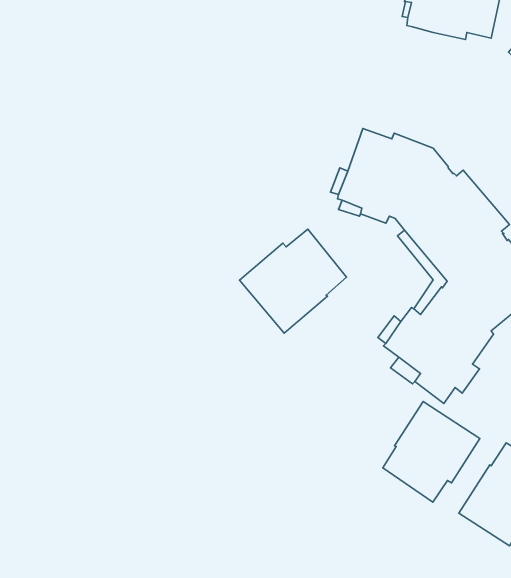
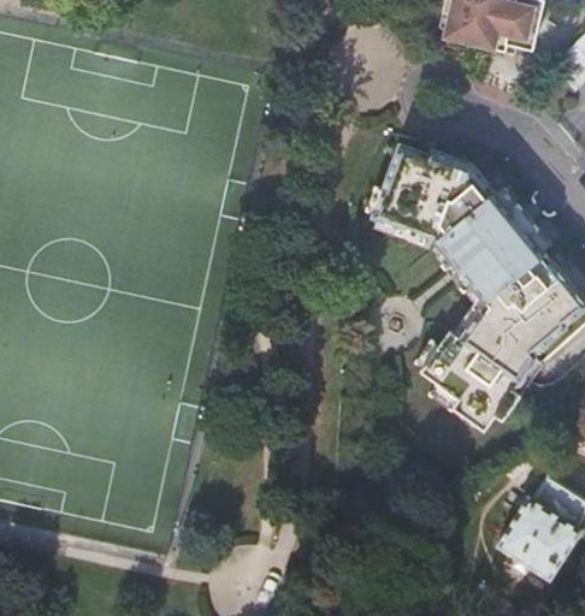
building: [240,229,347,333] -> none
building: [383,402,480,502] -> none

